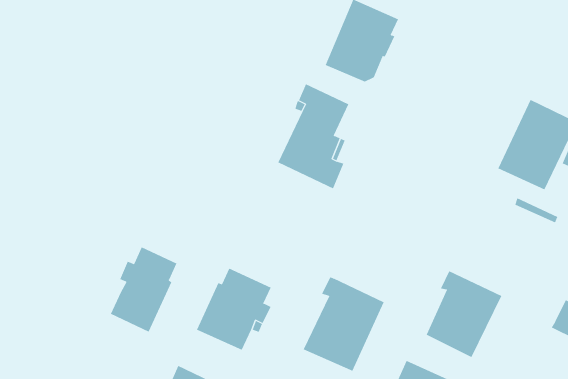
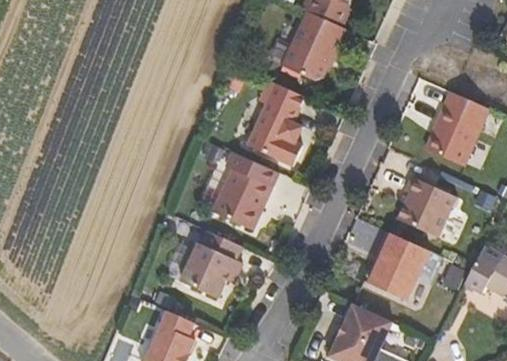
building: none -> [397,182,456,243]
building: [110,246,177,333] -> none
building: [303,277,384,371] -> [210,155,277,233]

